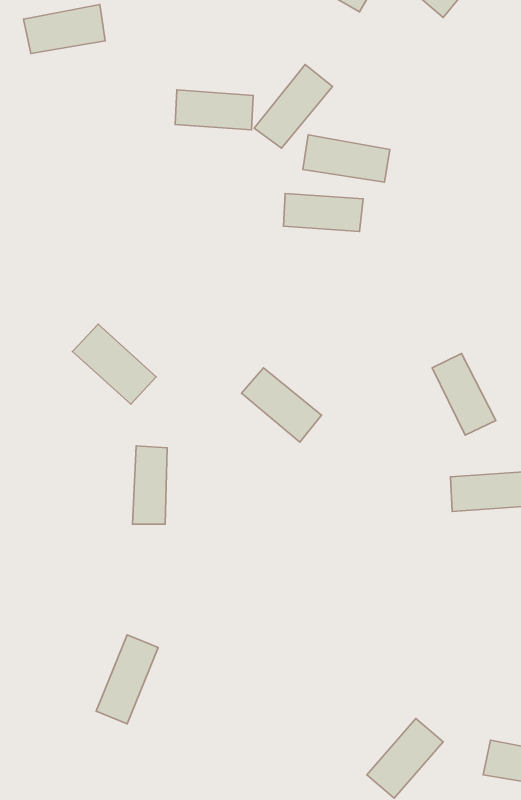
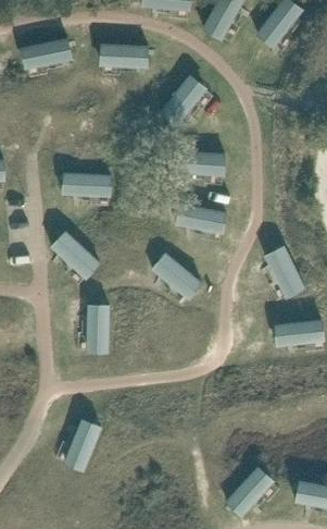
building: [175,90,253,130] -> [101,45,148,69]
building: [303,135,390,182] -> [175,204,227,232]
building: none -> [63,174,111,197]

